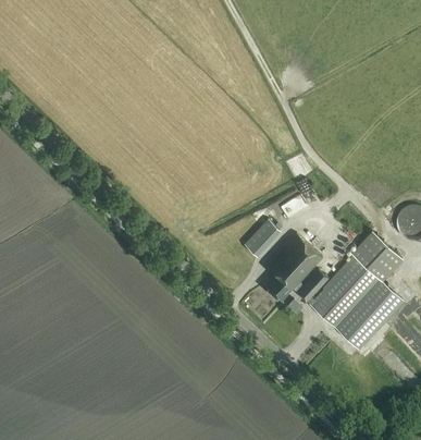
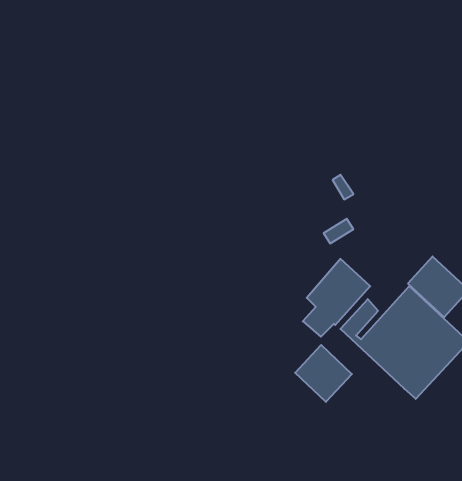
building: [245,218,282,256] -> none
building: none -> [295,345,352,402]

